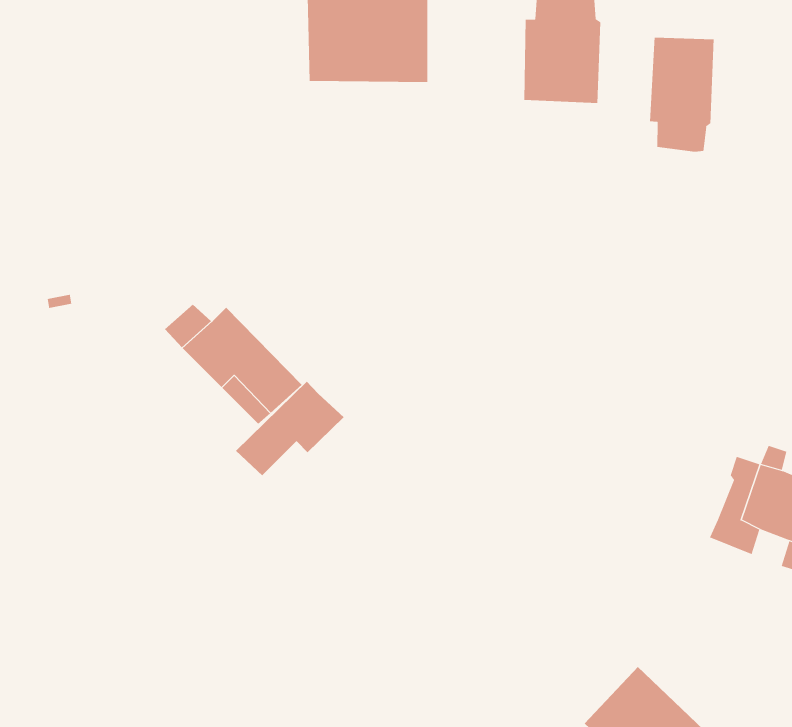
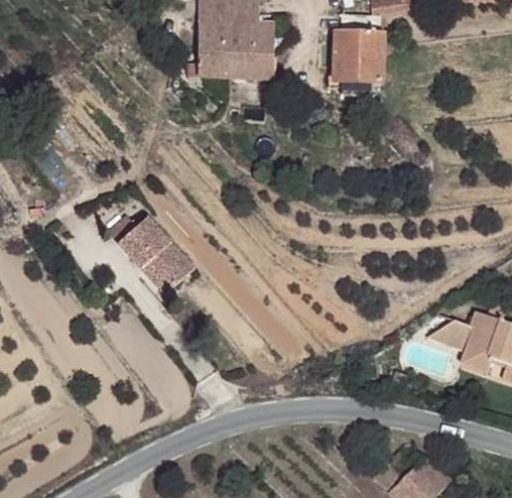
building: [649,37,714,153] -> none
building: [235,381,345,476] -> none
building: none -> [420,319,469,351]

